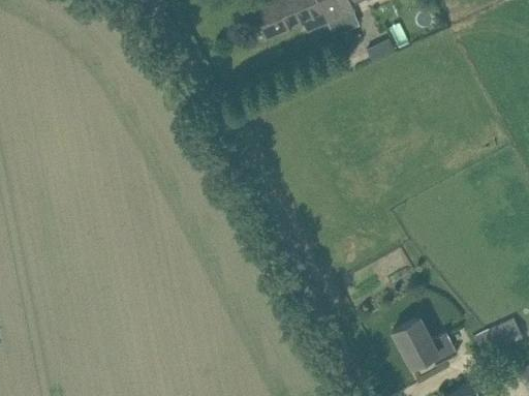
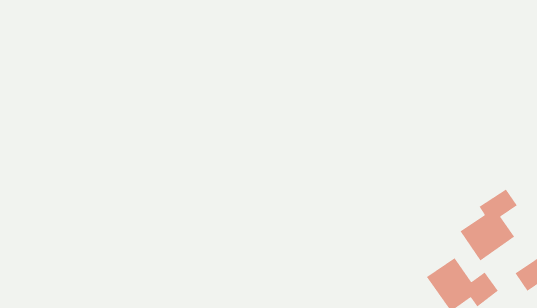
building: none -> [459,189,518,262]

